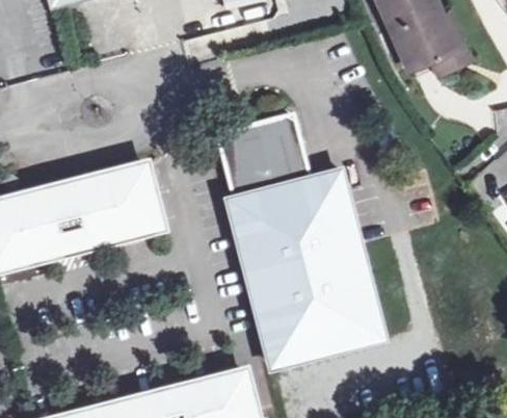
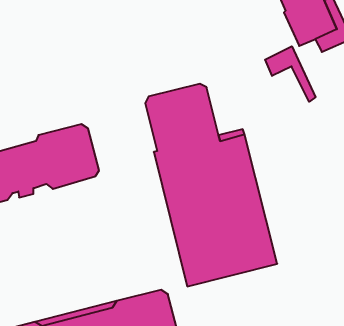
building: none -> [265,46,316,102]

